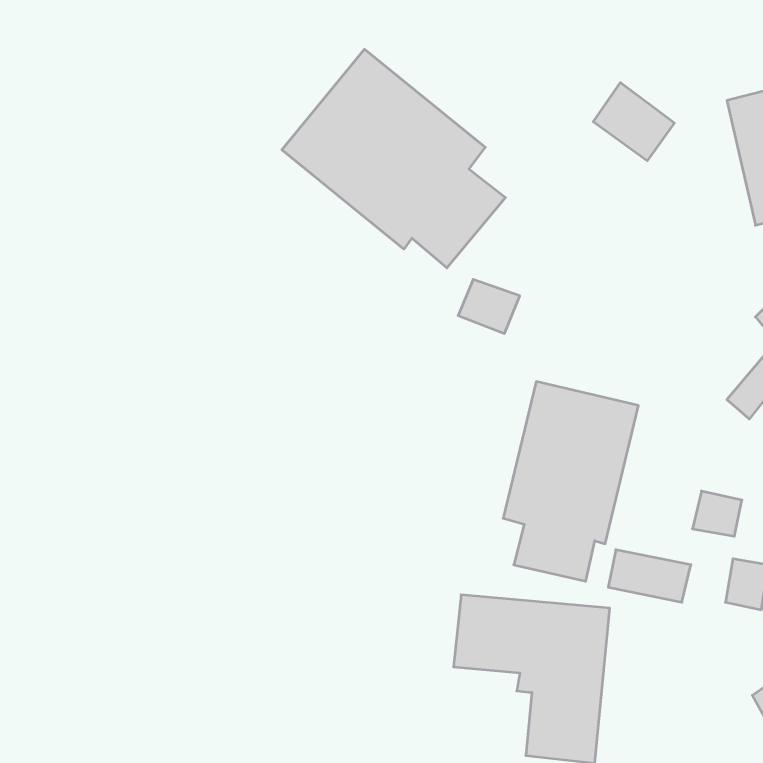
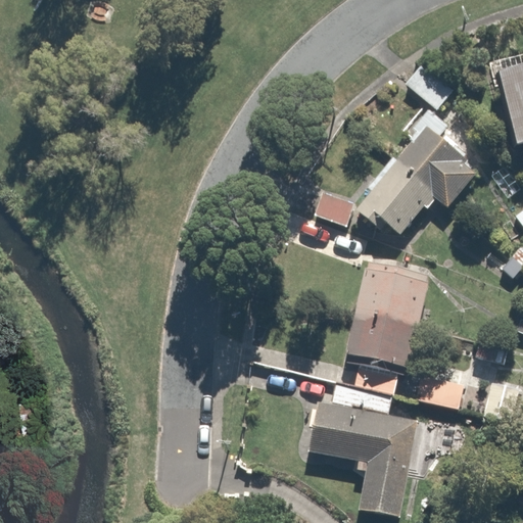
building: [282,49,505,268] -> none
building: none -> [358,124,476,239]

